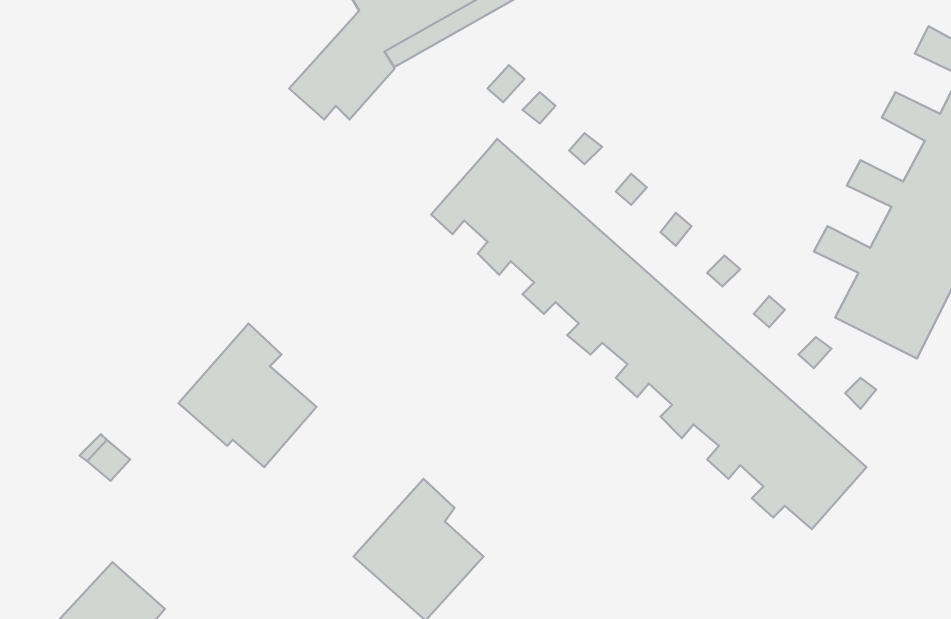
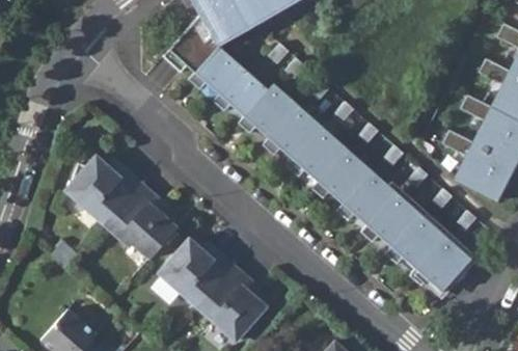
building: none -> [189,46,269,116]
building: none -> [69,155,141,224]
building: none -> [158,238,235,306]

